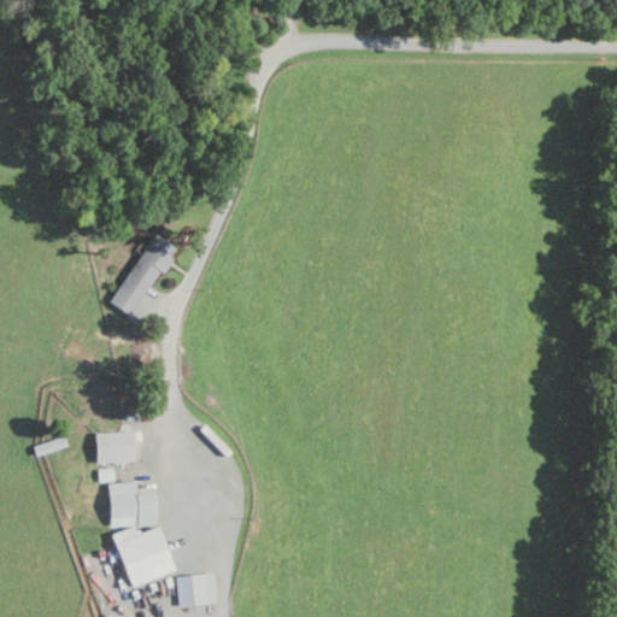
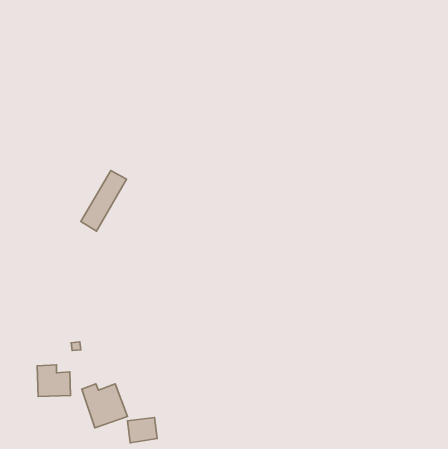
building: [96,431,135,463] -> none
building: [110,482,155,525] -> [37,365,71,396]

